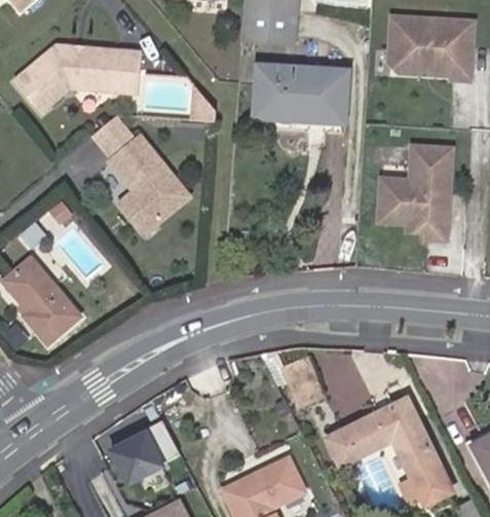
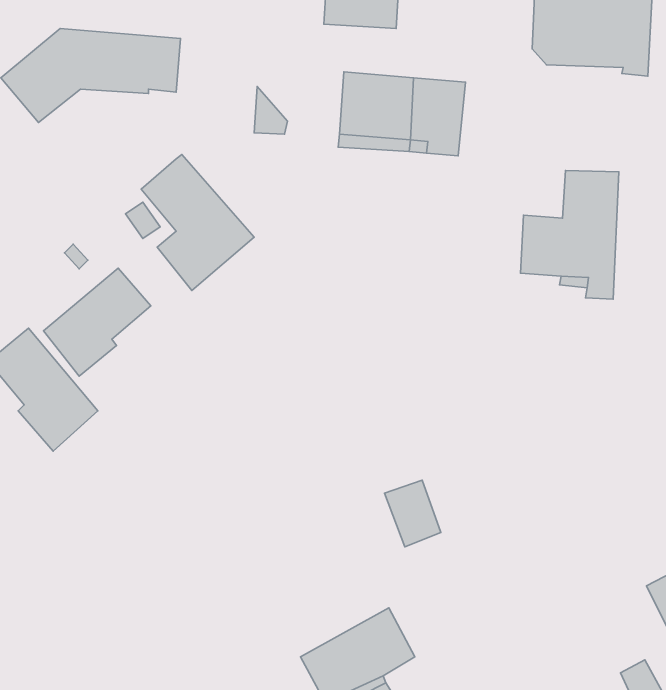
building: [89,112,137,159] -> none
building: none -> [44,268,151,376]
building: [326,396,449,495] -> none
building: [100,418,183,485] -> none

